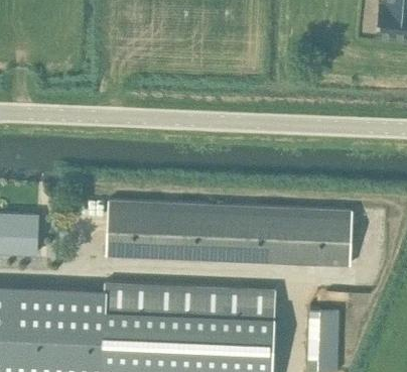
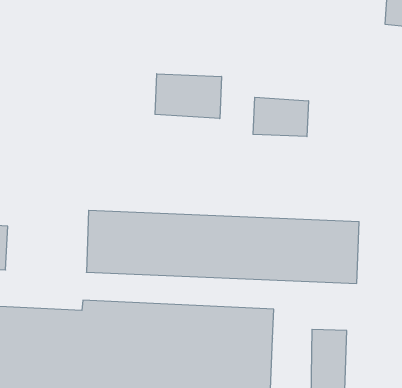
building: none -> [155,74,221,119]
building: none -> [253,97,308,137]

